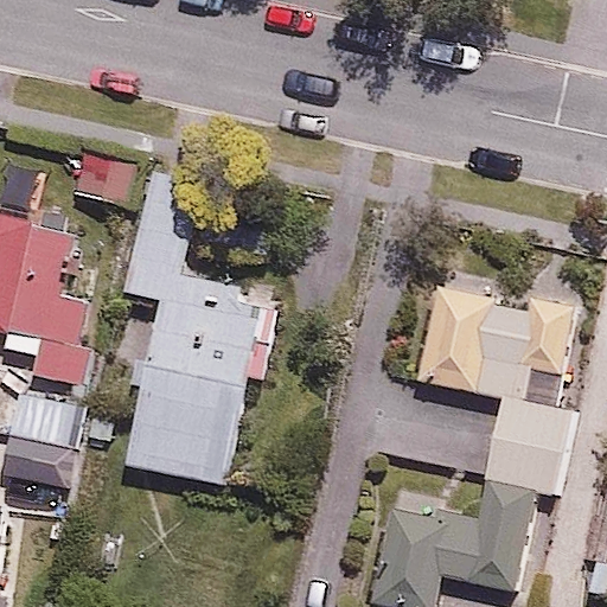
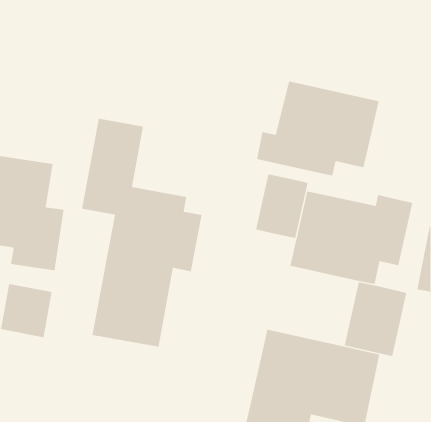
building: none -> [256,80,380,177]
building: none -> [255,173,308,239]

